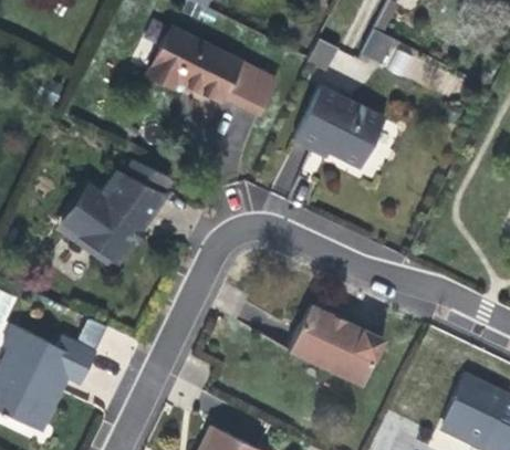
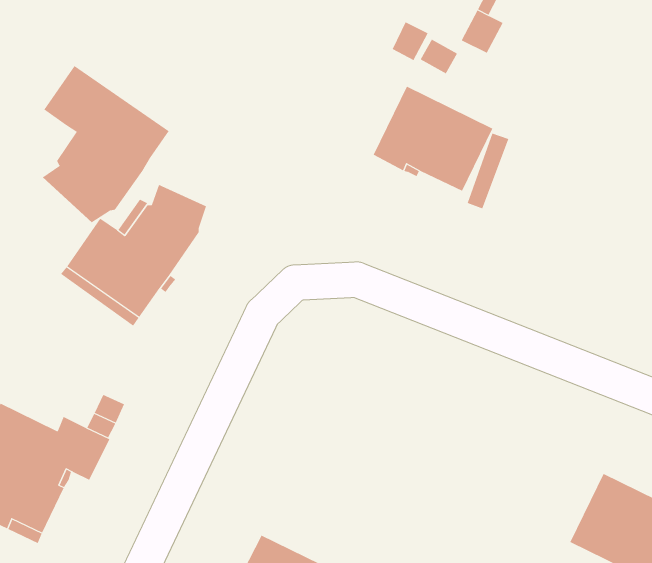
building: [146,27,275,114] -> none
building: none -> [42,65,169,223]
building: [288,303,383,385] -> none

